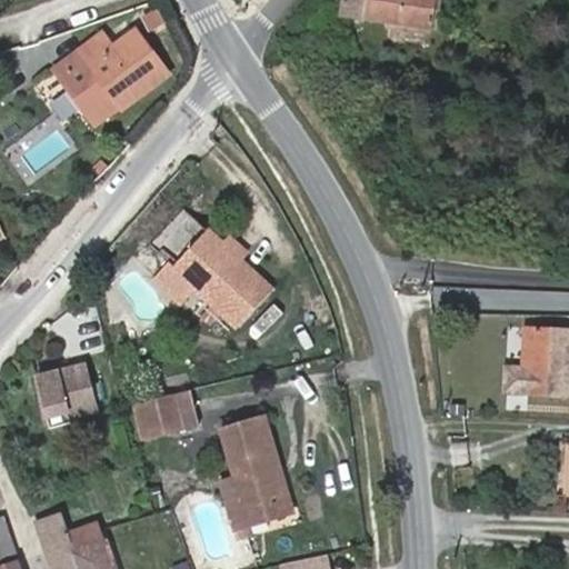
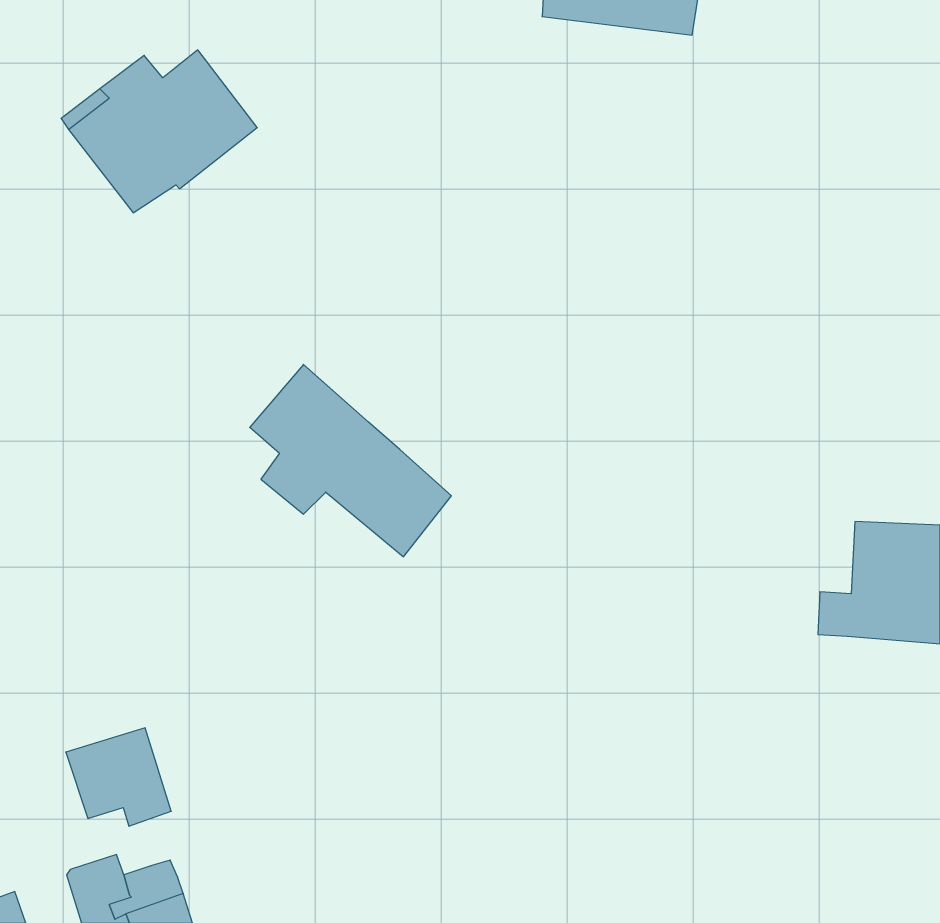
building: [39,360,102,419] -> [66,728,171,826]
building: [142,395,201,441] -> none
building: [224,423,290,543] -> none

